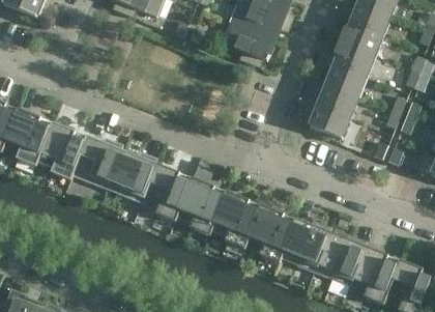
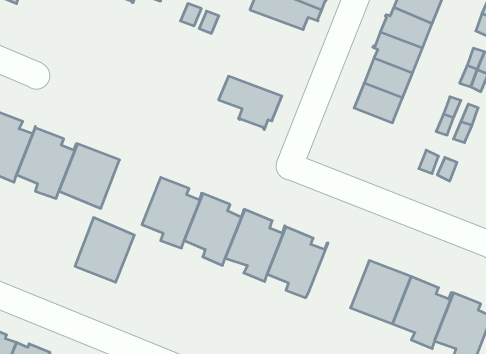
building: [223,24,276,68] -> [219,76,282,130]
building: [310,106,350,142] -> none
building: [107,149,156,203] -> [75,218,134,282]
building: [281,219,330,273] -> none

